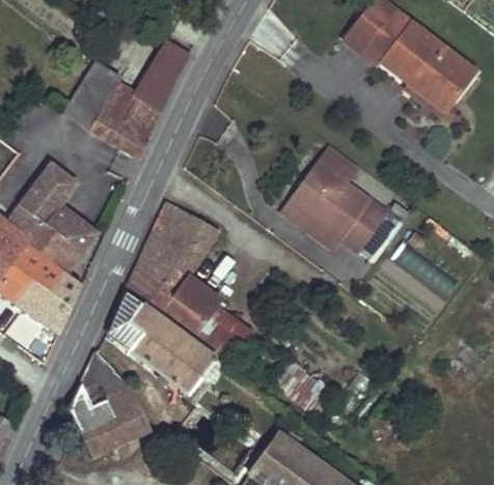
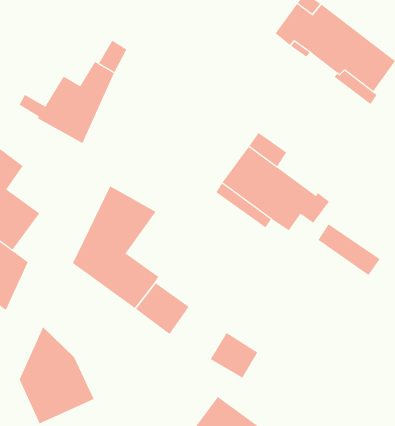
building: [76,69,119,117] -> none
building: [107,291,216,397] -> none

